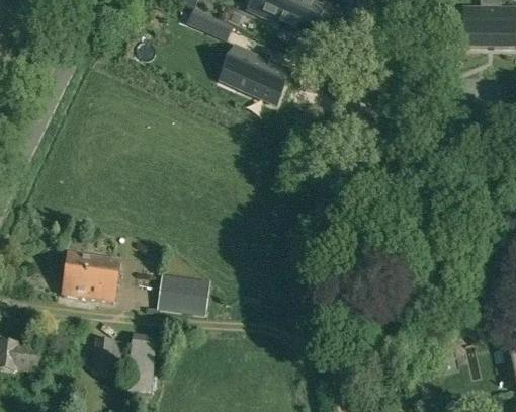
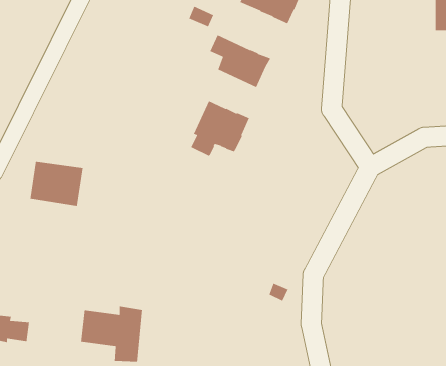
building: none -> [190,100,250,157]
building: [62,252,118,301] -> [29,161,83,207]
building: [155,273,209,315] -> none

